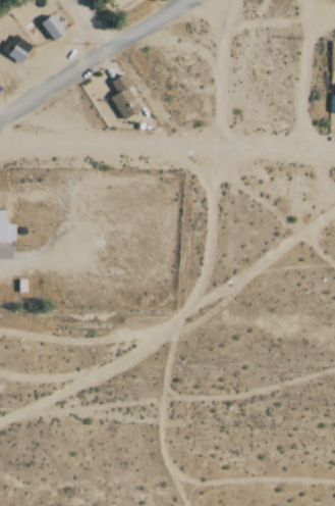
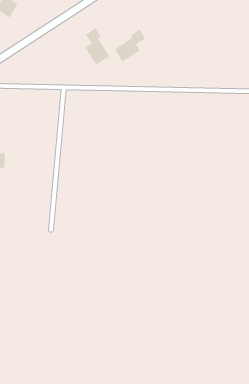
building: none -> [114,29,146,62]

